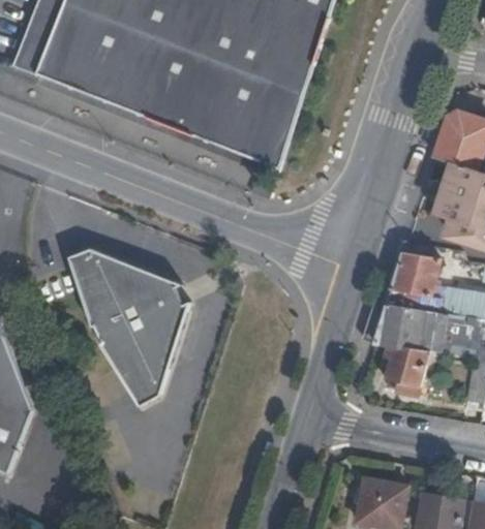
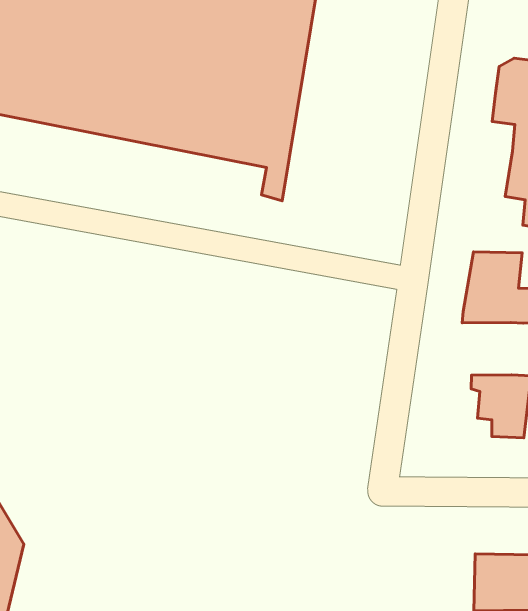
building: [64,247,188,407] -> none
building: [374,304,426,347] -> none

